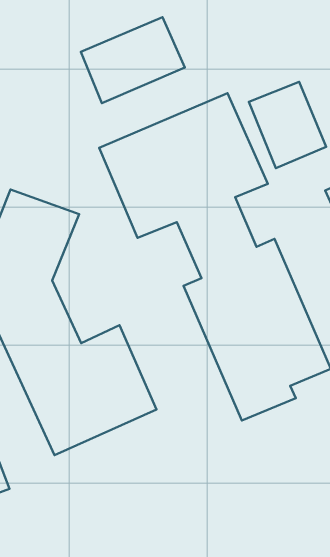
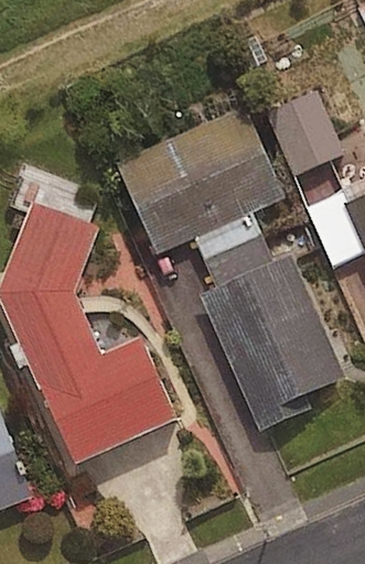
building: [81,17,185,103] -> none

